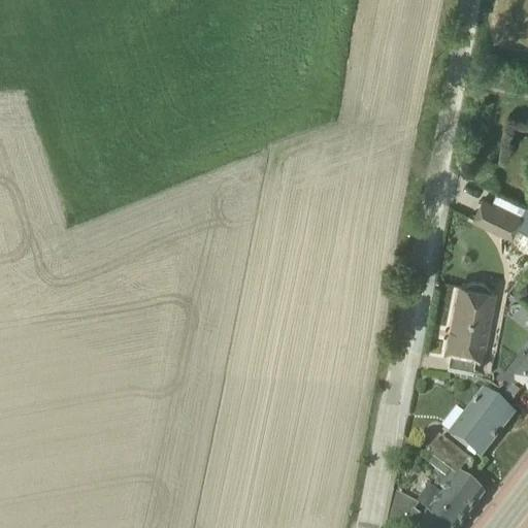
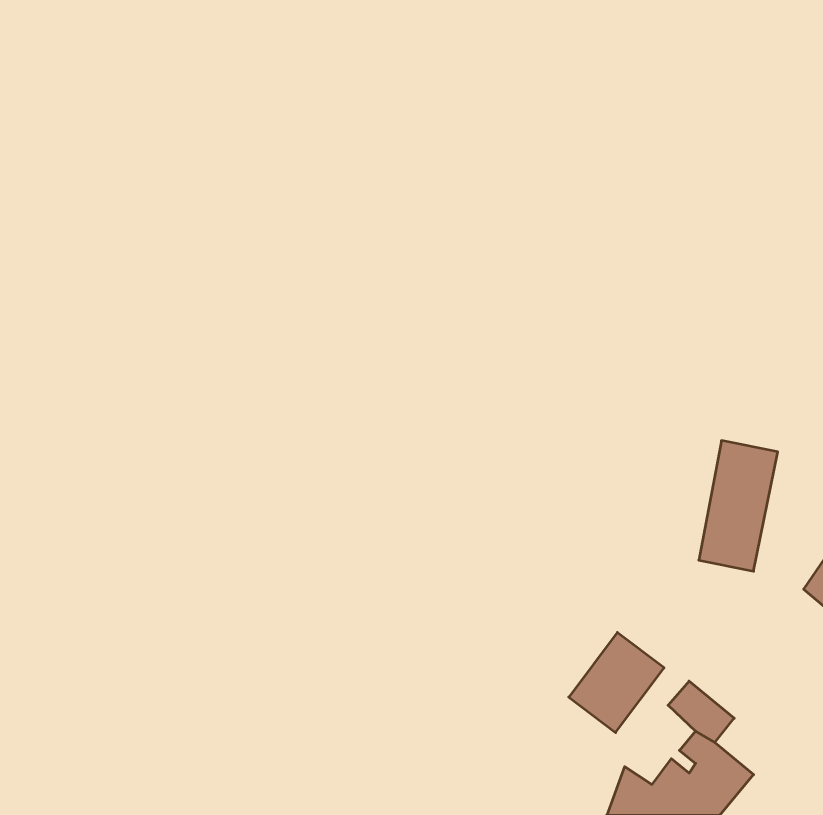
building: [474,194,521,232] -> none
building: [450,390,510,454] -> [569,632,664,733]

